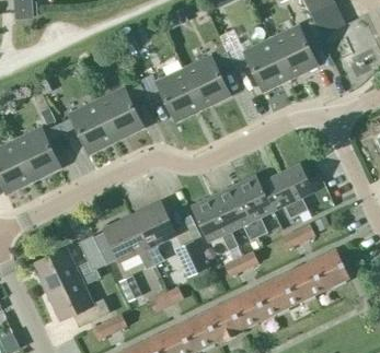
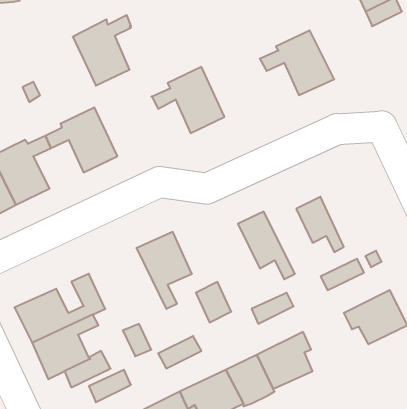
building: [272,25,319,78] -> none
building: [184,51,232,108] -> none
building: [97,83,145,140] -> [73,15,131,86]
building: [280,163,314,213] -> none
building: [234,174,274,235] -> none
building: [192,195,239,250] -> none
building: [104,214,156,268] -> none
building: [266,267,319,314] -> none

